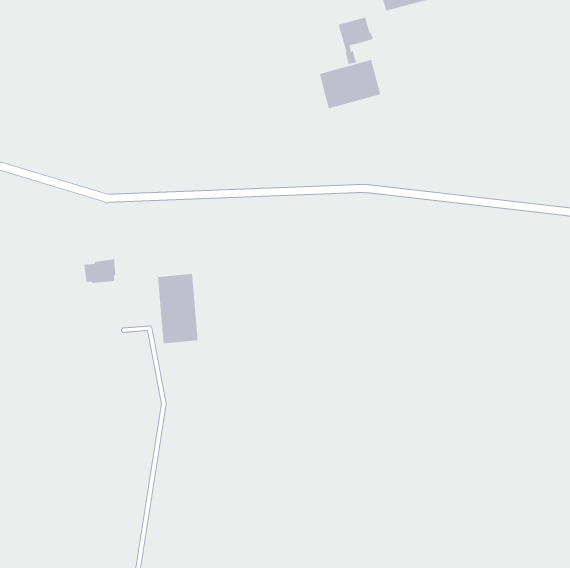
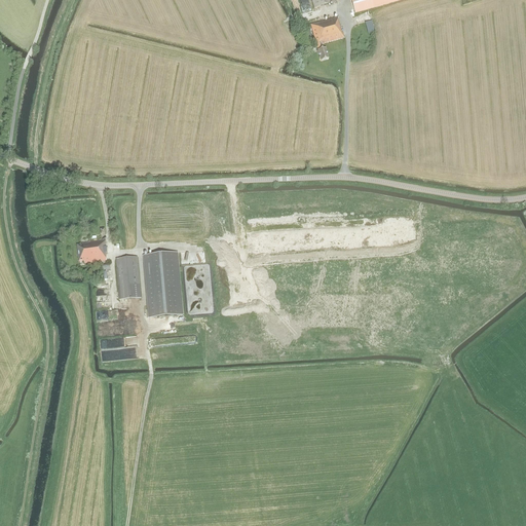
building: [319,59,381,109] -> none
building: none -> [116,255,141,298]

